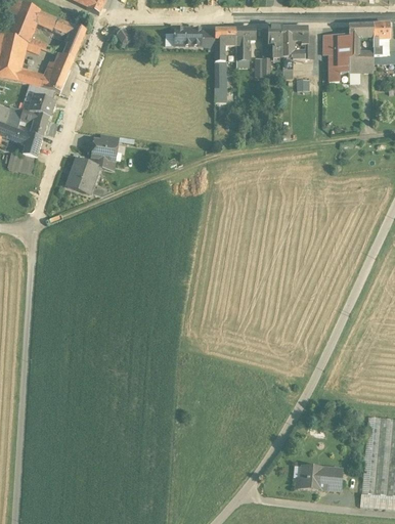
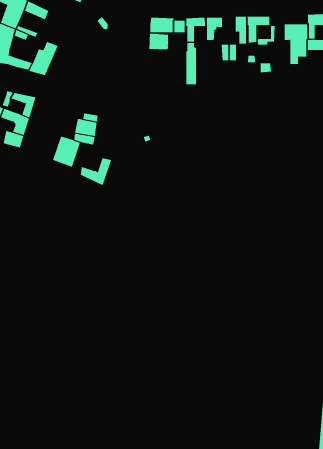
building: [59,20,86,59] -> none
building: none -> [149,33,169,50]
building: [24,83,55,117] -> none
building: none -> [80,158,112,186]
building: [296,466,342,490] -> none

